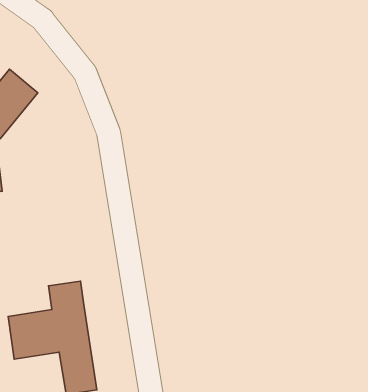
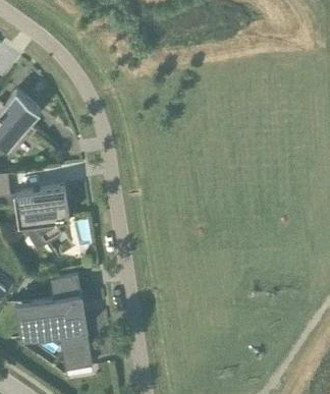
building: none -> [15,187,70,241]

